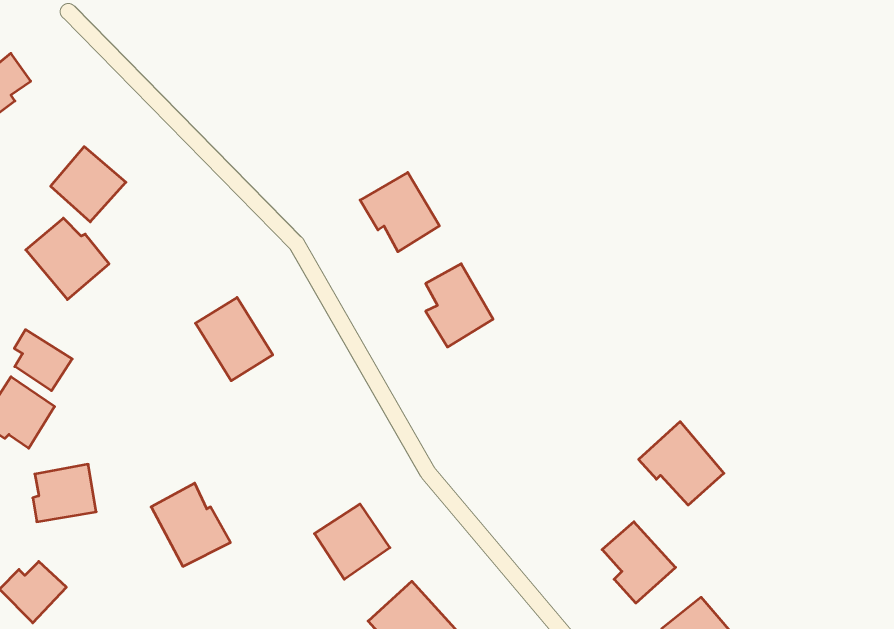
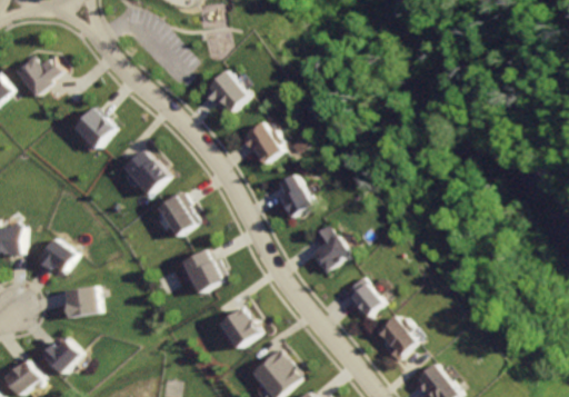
building: none -> [206,69,256,113]
building: [26,218,109,300] -> [120,150,167,196]
building: [14,330,72,391] -> none
building: none -> [311,224,355,275]
building: [639,422,724,505] -> [340,274,388,320]
building: [151,483,230,566] -> [180,247,224,294]

